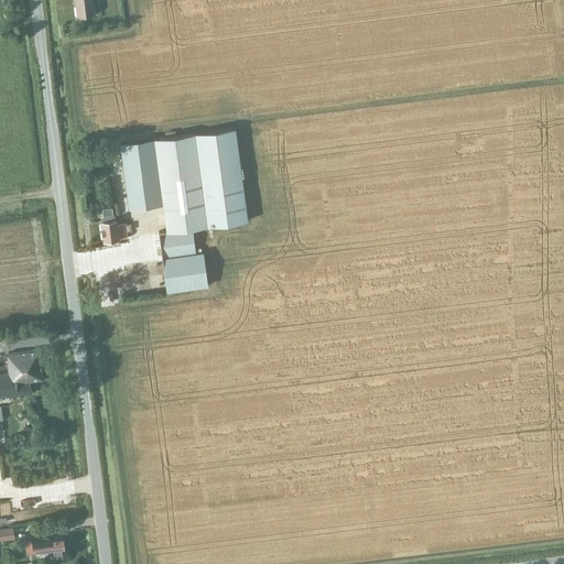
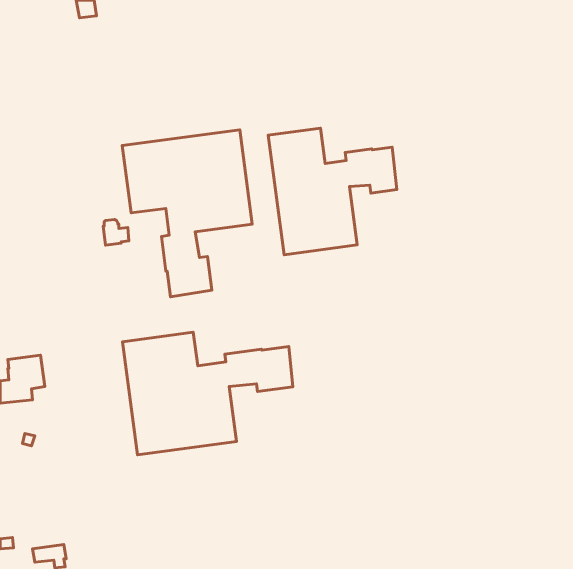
building: none -> [268,128,397,255]
building: none -> [123,332,293,455]

